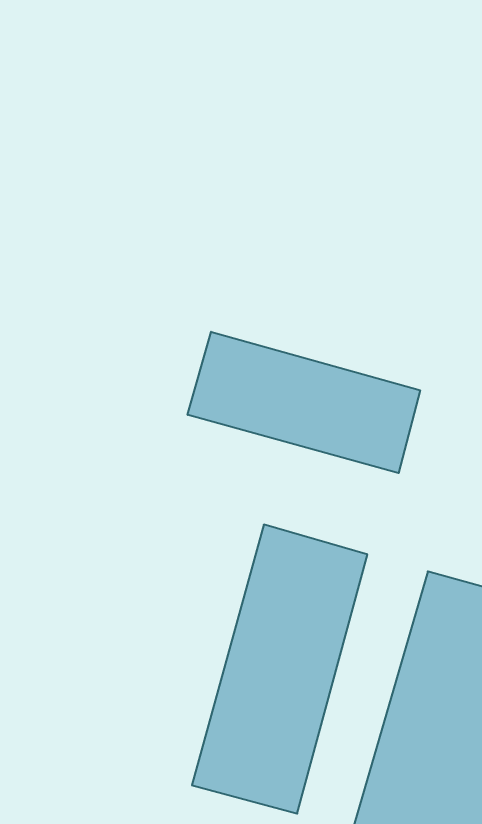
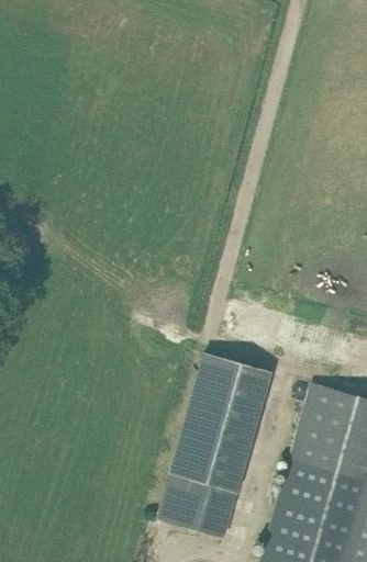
building: [188,332,420,473] -> none

